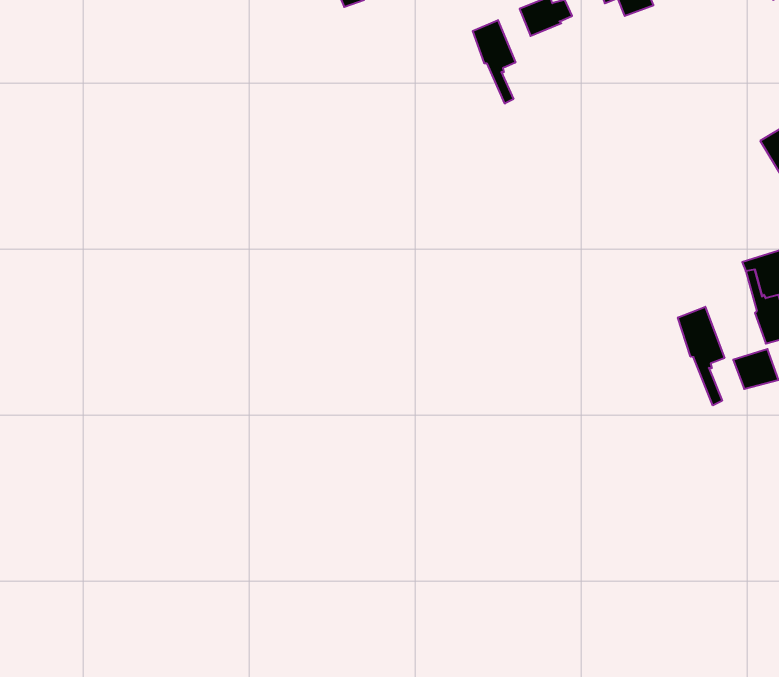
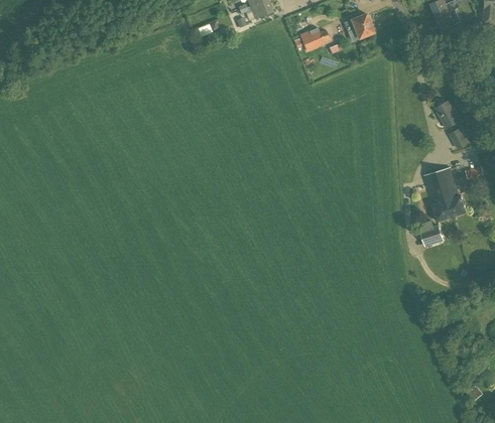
building: [473,20,515,104] -> none
building: [678,307,724,405] -> none

